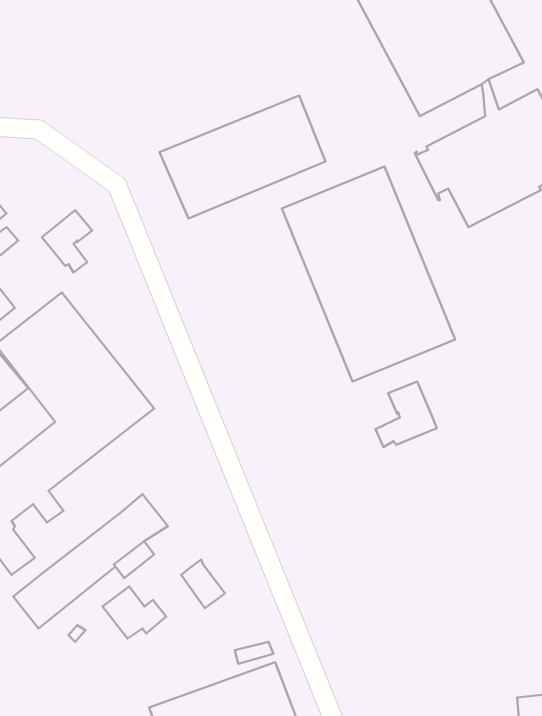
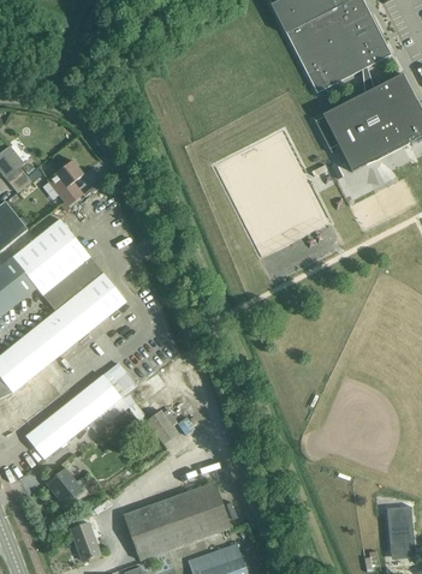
building: [160,95,325,219] -> none
building: [375,382,437,447] -> none
building: [102,586,166,638] -> [44,467,90,504]

